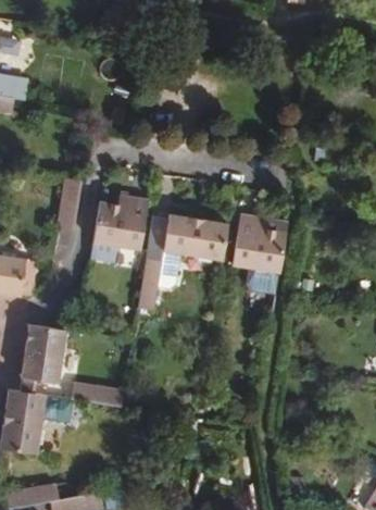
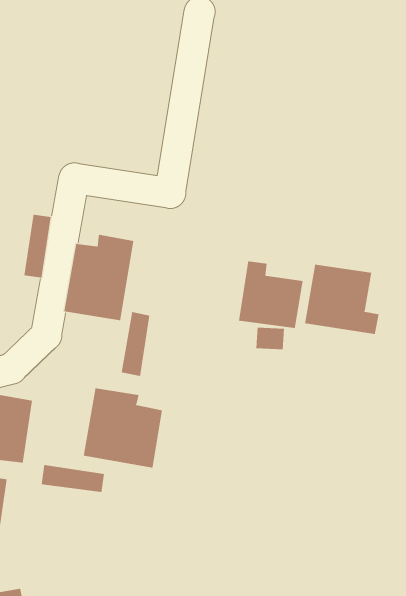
building: [163,214,228,261] -> none
building: none -> [304,264,379,335]
building: none -> [83,387,162,468]

